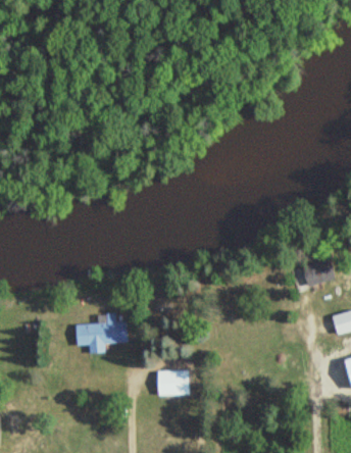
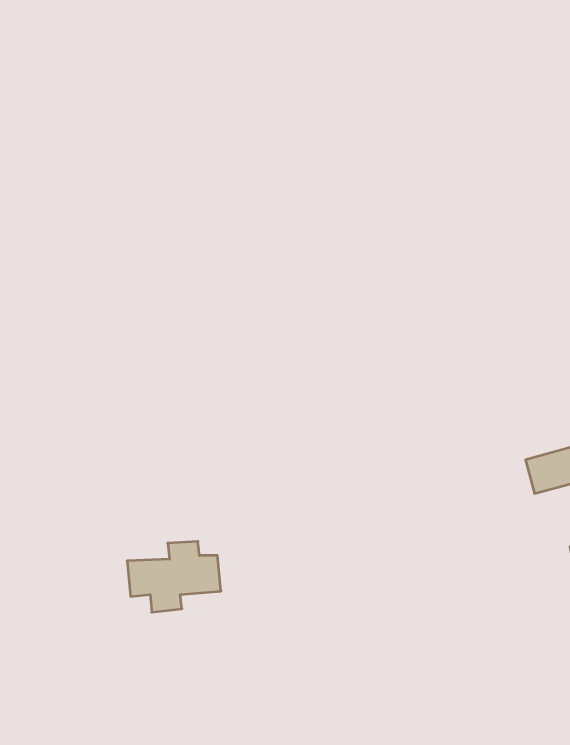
building: [158,370,190,396] -> none

